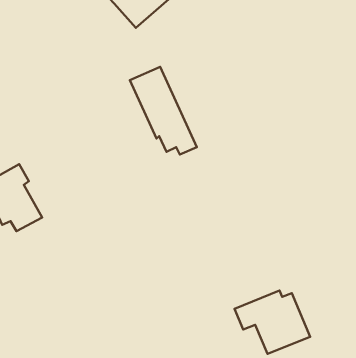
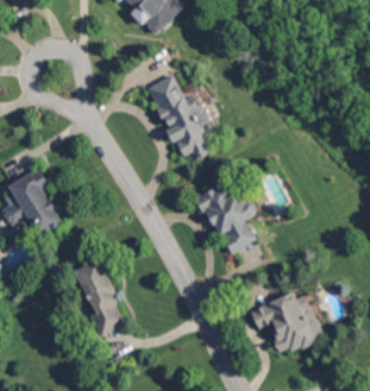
building: none -> [197,183,258,256]
building: none -> [73,259,128,343]

